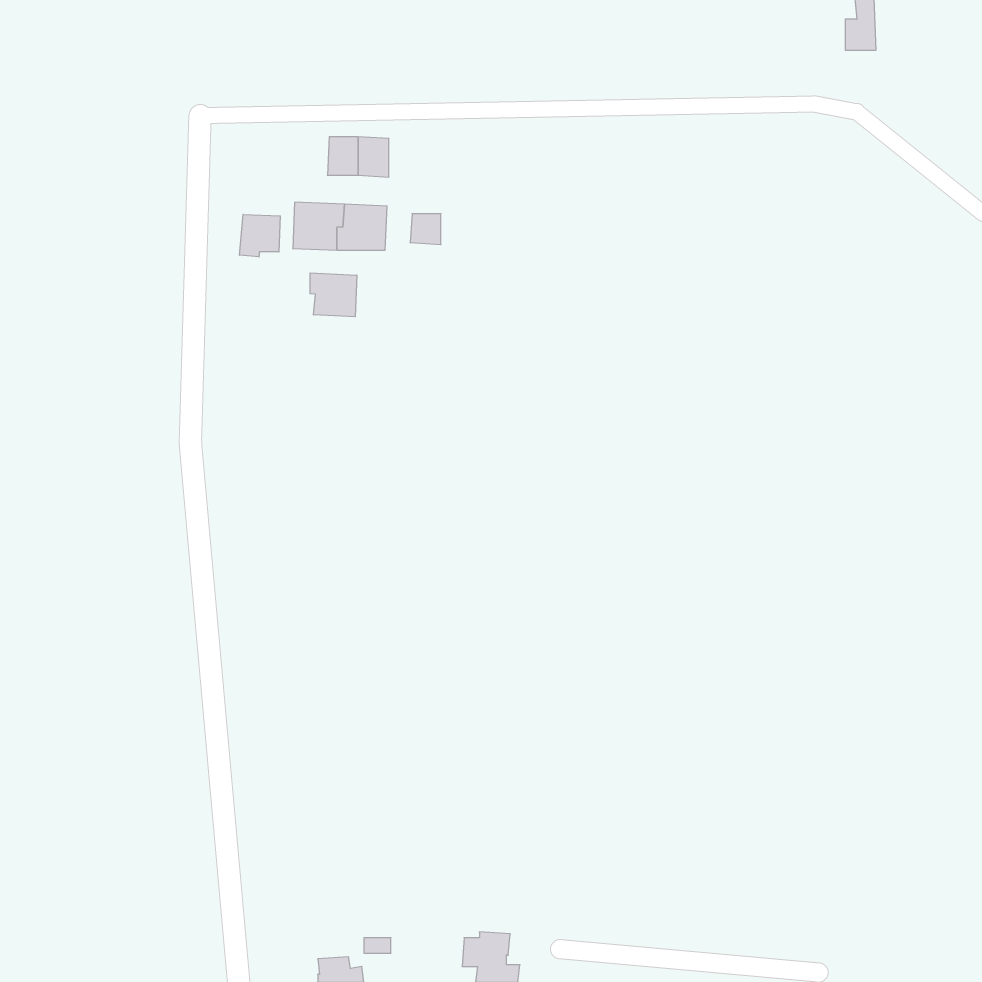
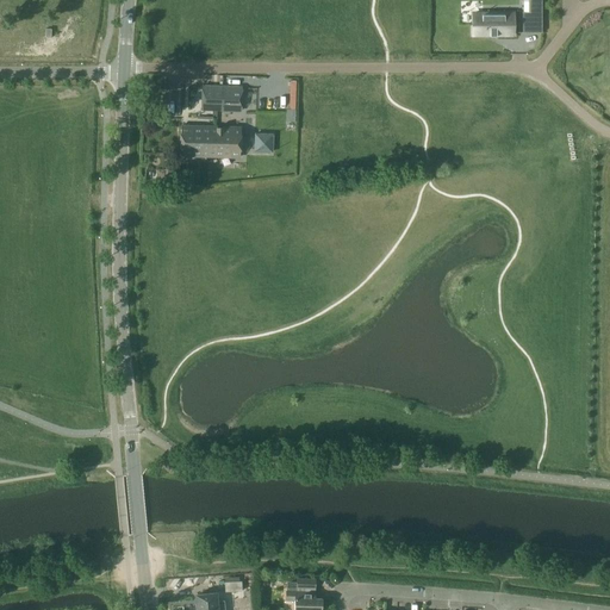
building: none -> [474,12,515,35]
building: [240,214,280,257] -> none
building: [310,273,357,317] -> none

